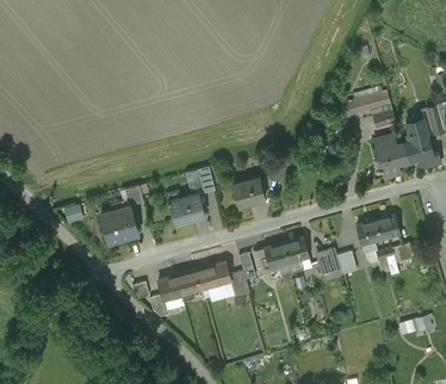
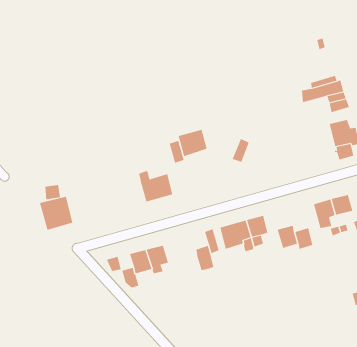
building: [233,176,265,206] -> [178,129,208,157]
building: [100,205,137,242] -> [39,196,73,230]
building: [194,261,230,290] -> none

